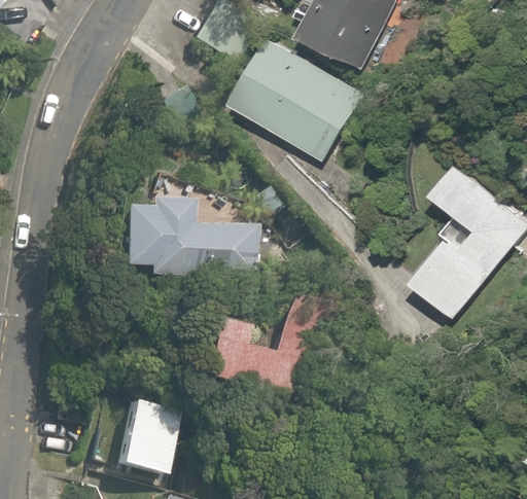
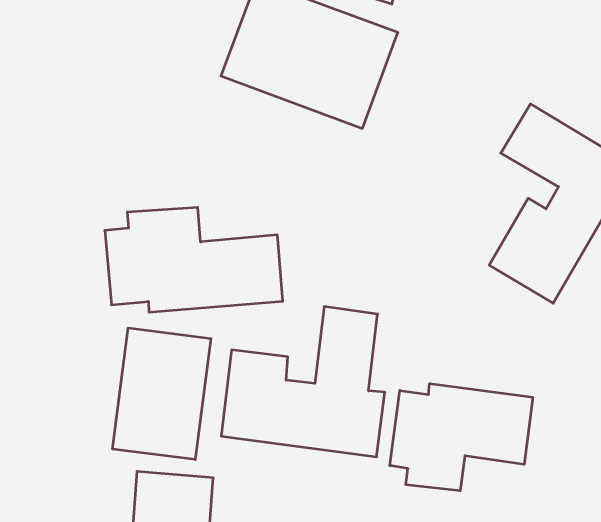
building: none -> [113,328,211,460]
building: none -> [390,384,533,491]

